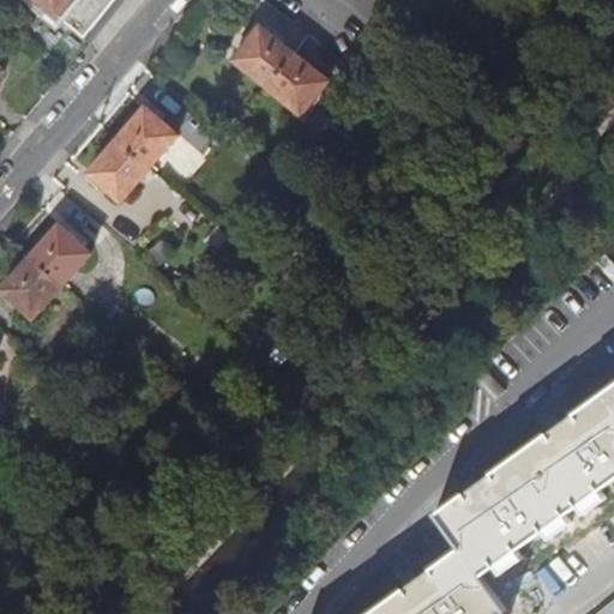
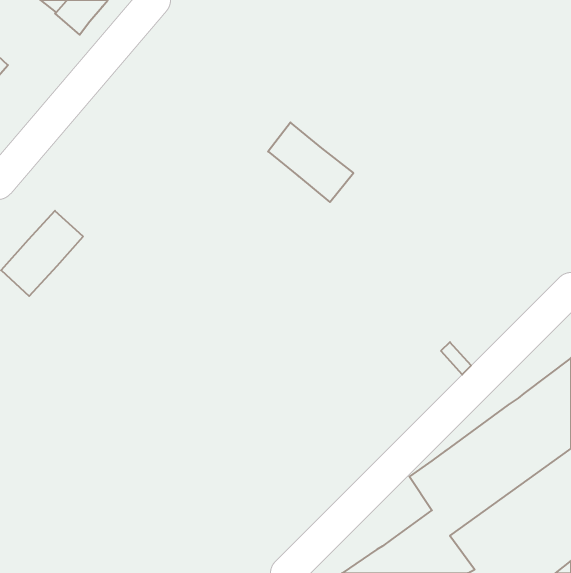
building: [235,30,326,115] -> [268,122,353,202]
building: [88,107,175,199] -> none

